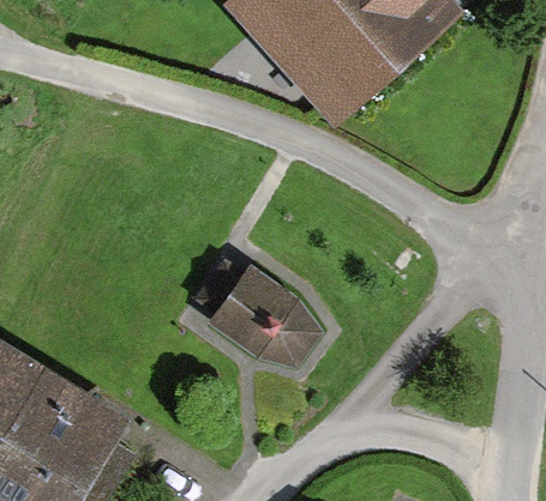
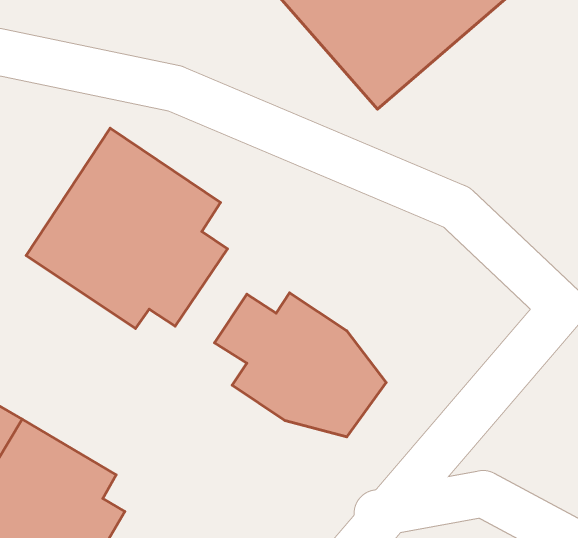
building: none -> [26,128,227,328]

